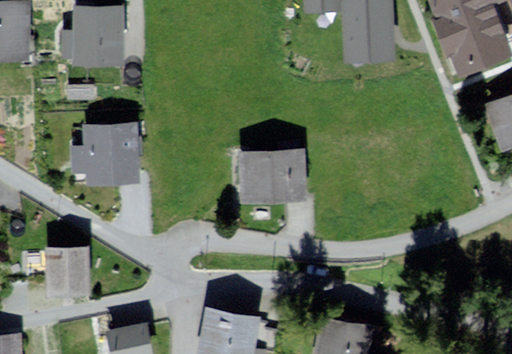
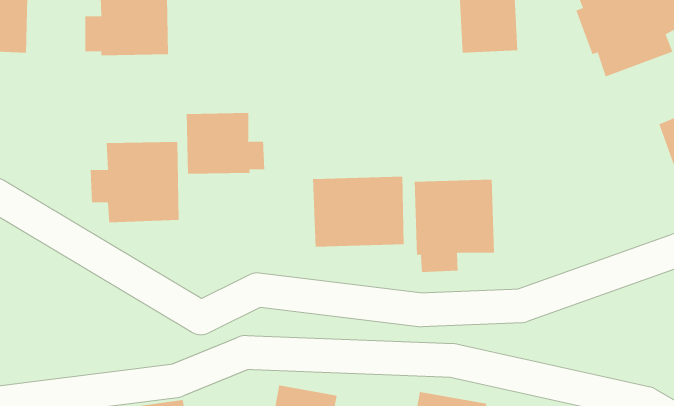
building: none -> [186,112,265,175]
building: none -> [414,179,494,273]
building: [37,242,81,290] -> none

